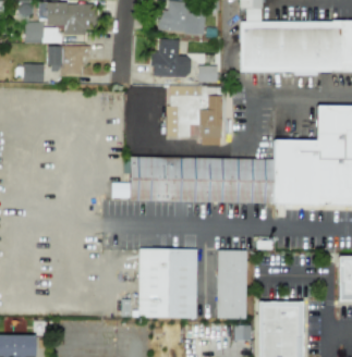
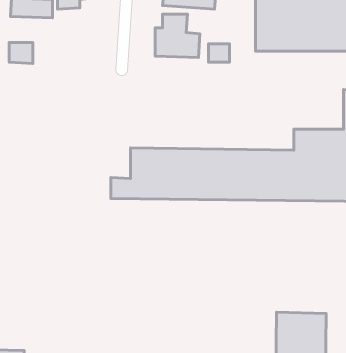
building: [48,46,89,75] -> none
building: [168,86,221,145] -> none
building: [138,249,197,318] -> none
building: [216,250,247,319] -> none

